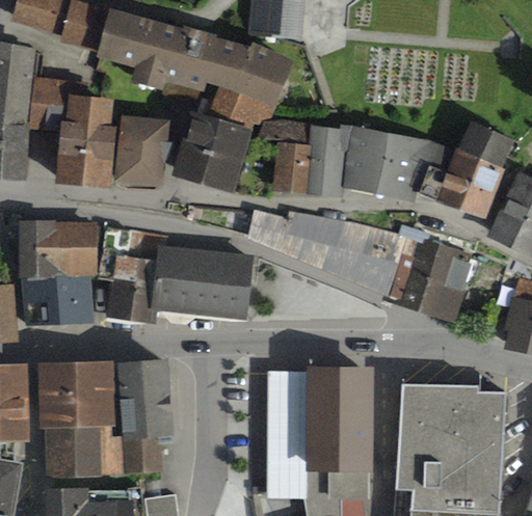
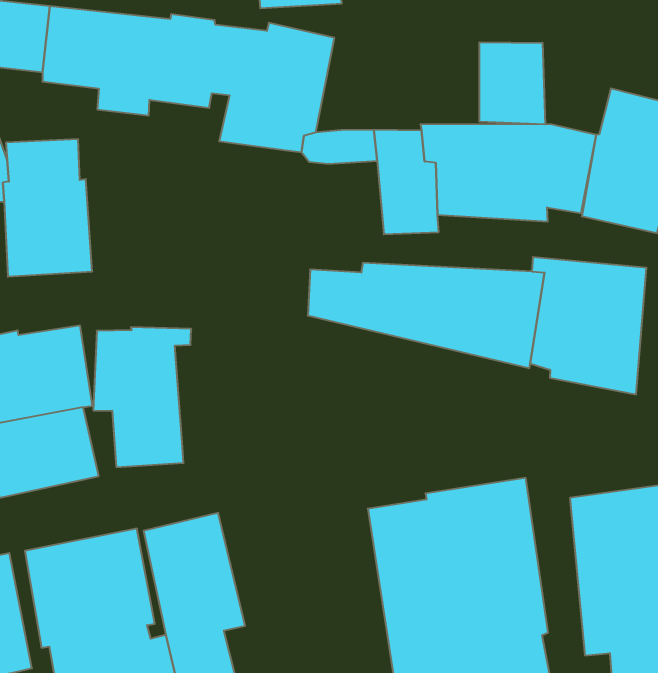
building: none -> [480,42,545,124]
building: [171,110,252,194] -> none
building: [113,115,172,188] -> none
building: [272,141,309,193] -> none
building: [152,245,252,320] -> none

